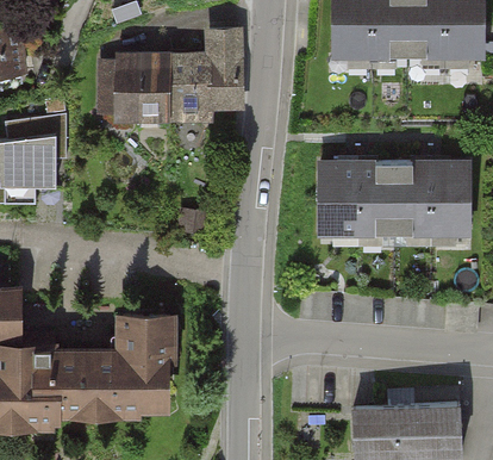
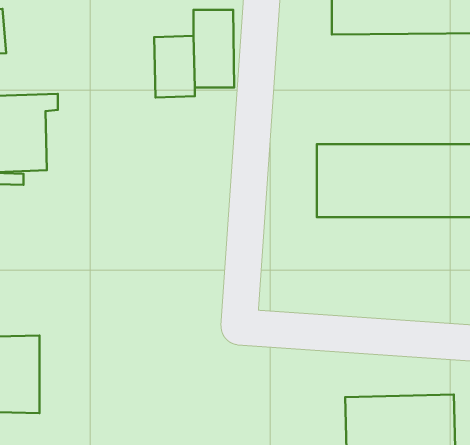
building: [101,57,166,117] -> none
building: [54,315,167,421] -> none

